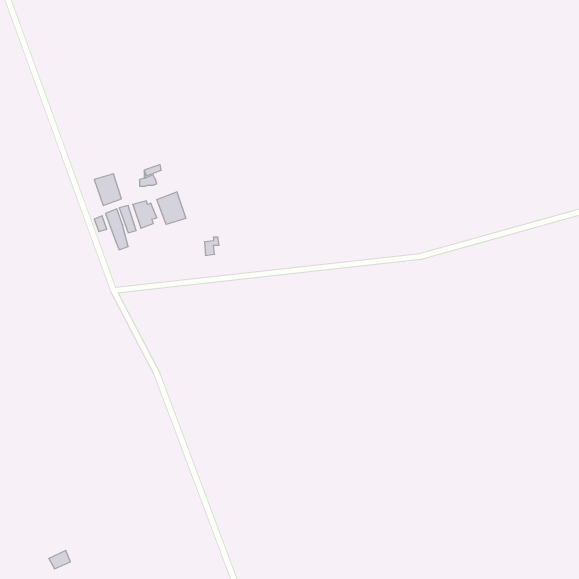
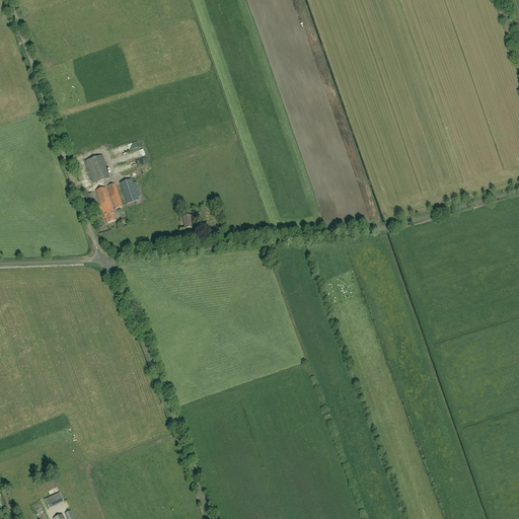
building: [157,192,186,224] -> none

